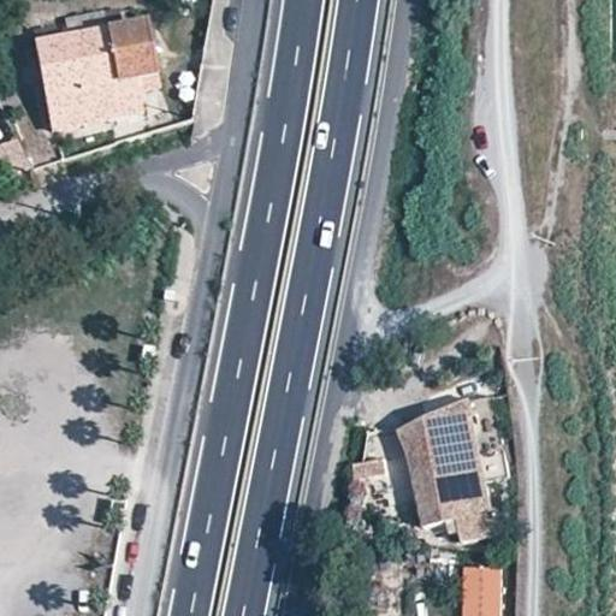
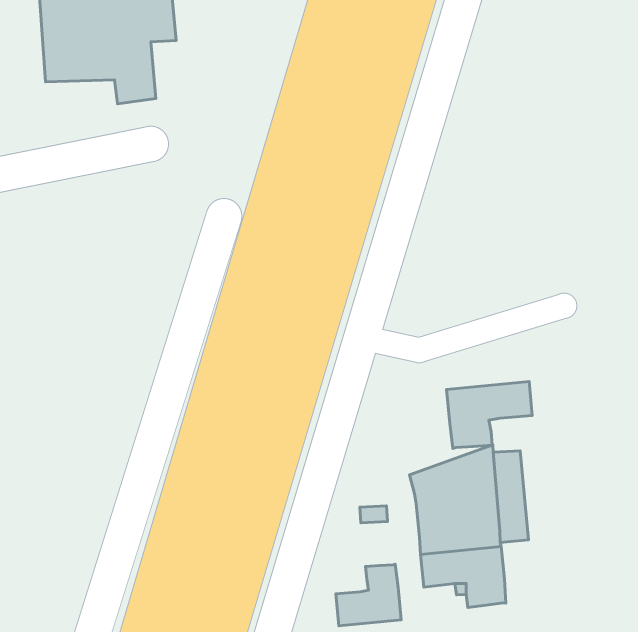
building: none -> [447,382,532,449]
building: none -> [336,564,401,626]

